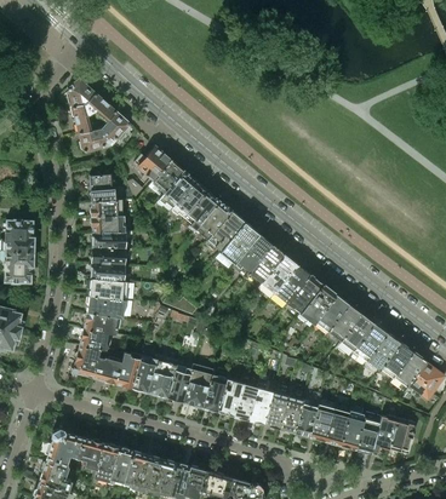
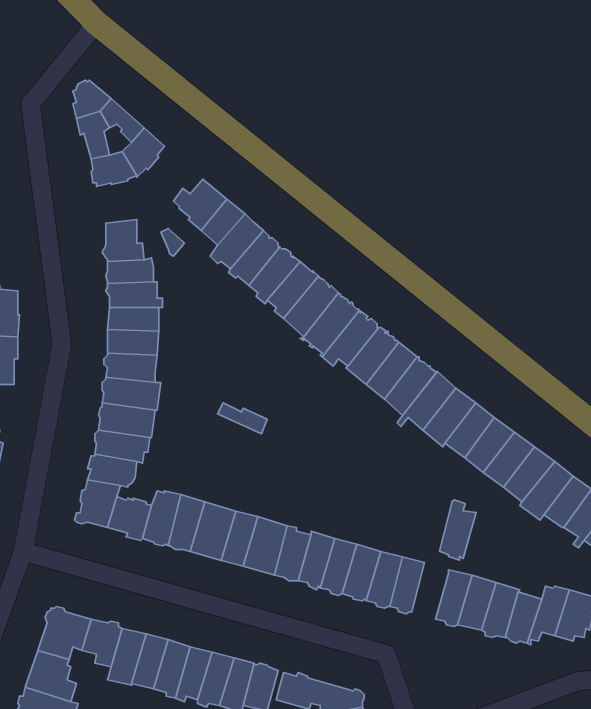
building: [293,398,318,438] -> [439,500,476,560]

